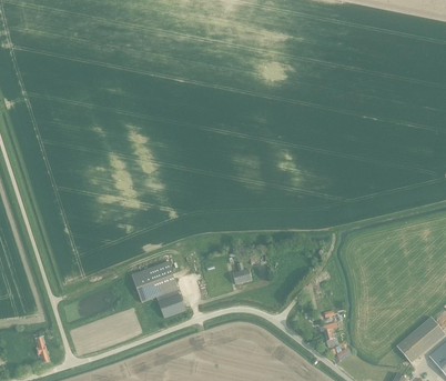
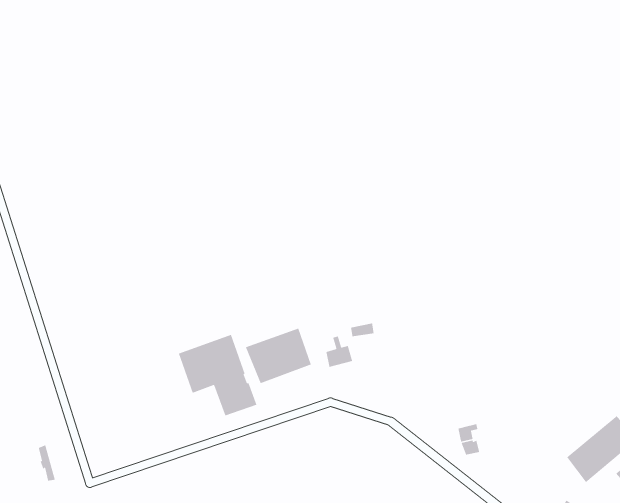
building: none -> [245,327,312,384]

